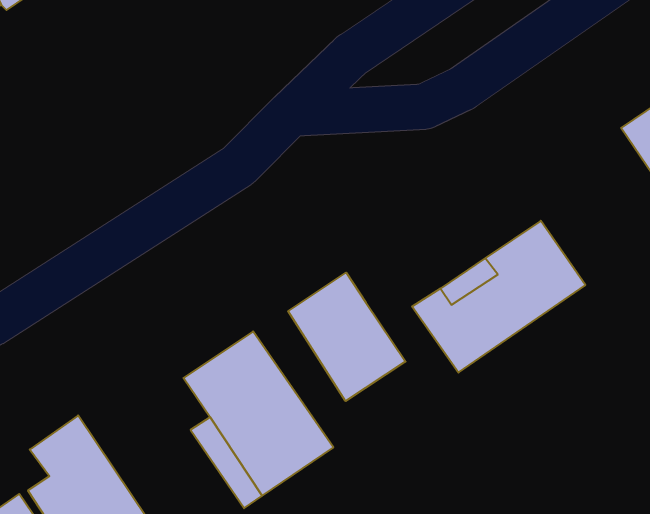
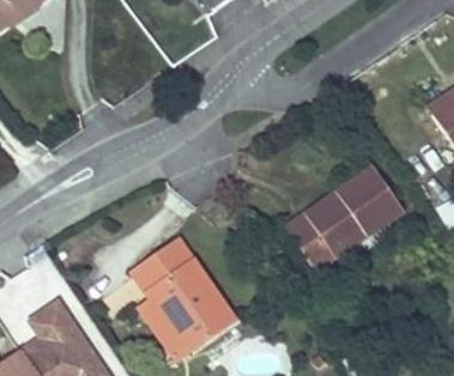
building: [288,273,406,401] -> none

